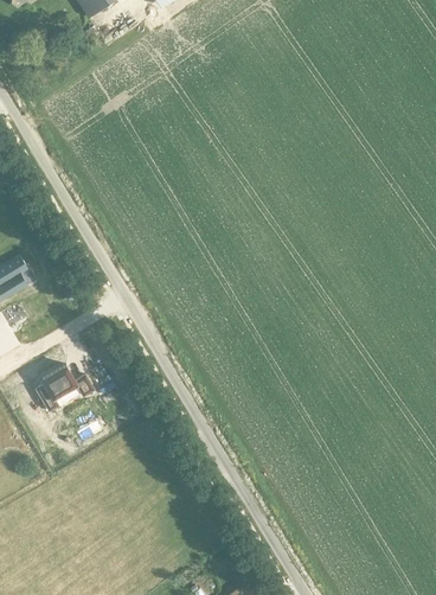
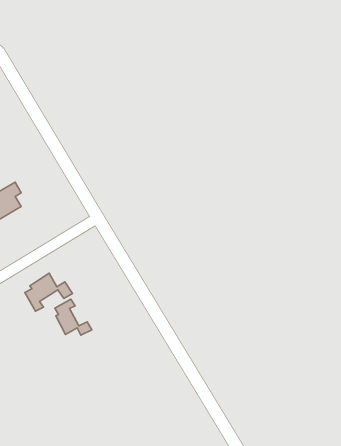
building: none -> [55,299,92,335]

